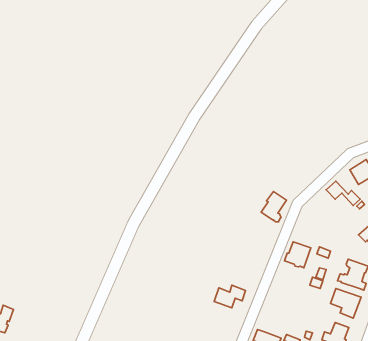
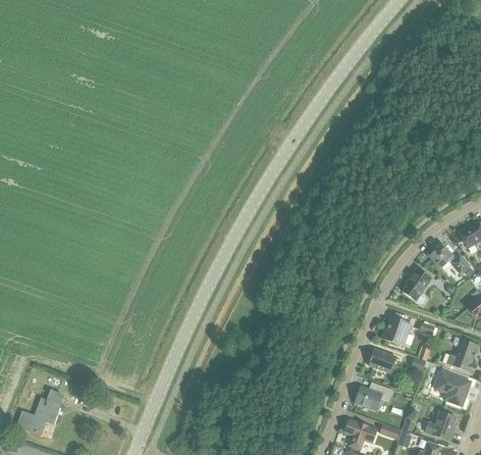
building: [261,191,286,222] -> [403,266,432,302]
building: none -> [368,348,396,372]
building: [214,285,246,308] -> [356,383,392,409]

